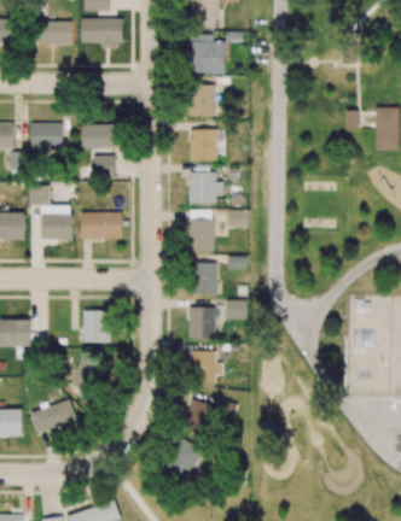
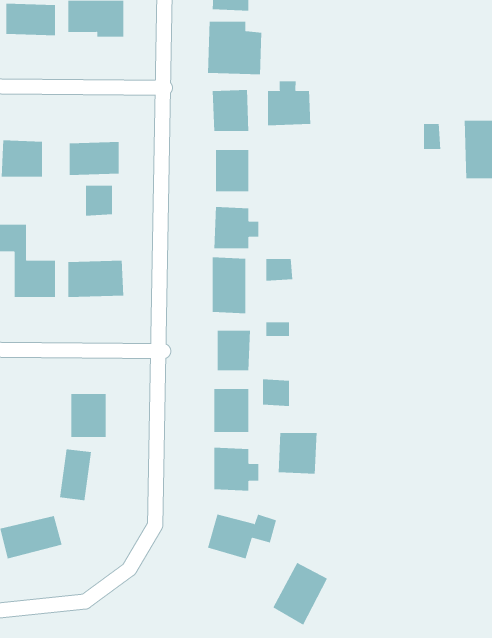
building: none -> [268,80,311,126]
building: none -> [278,432,317,475]
building: [163,437,204,484] -> [273,562,328,626]

